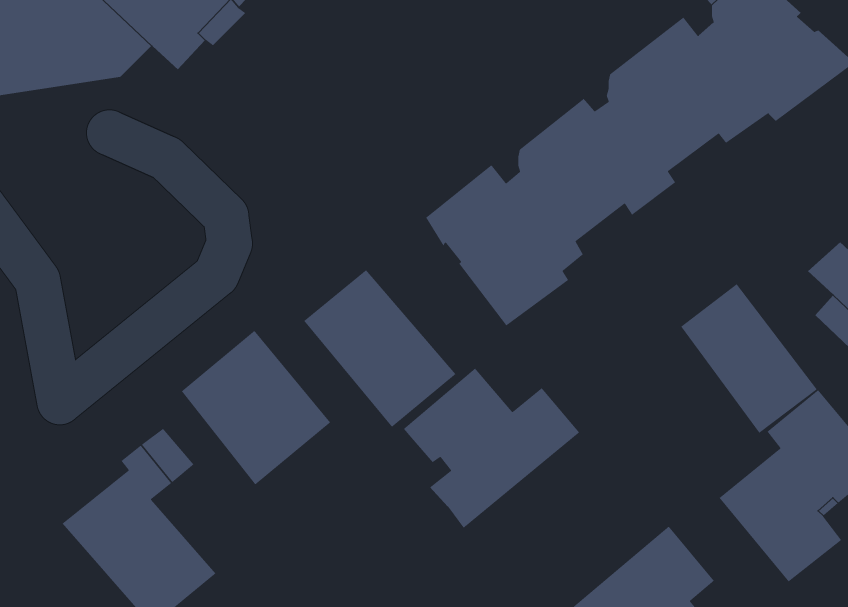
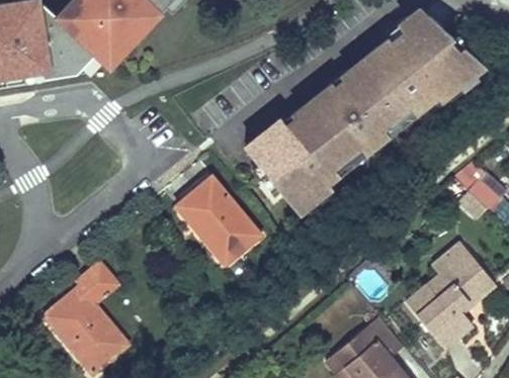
building: [680,283,818,434] -> none
building: [181,330,331,486] -> none
building: [403,368,580,529] -> none

